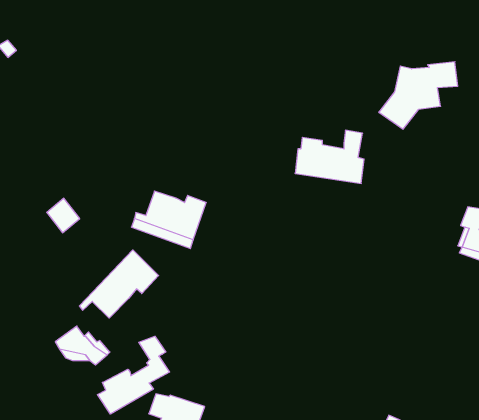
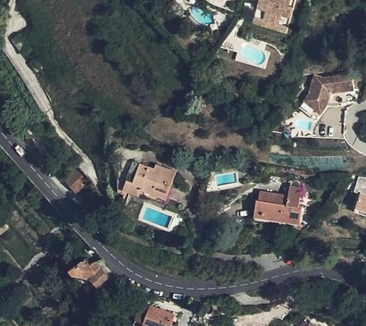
building: [295,130,364,183] -> [254,186,302,223]
building: [79,250,159,318] -> none
building: [97,336,170,414] -> none

